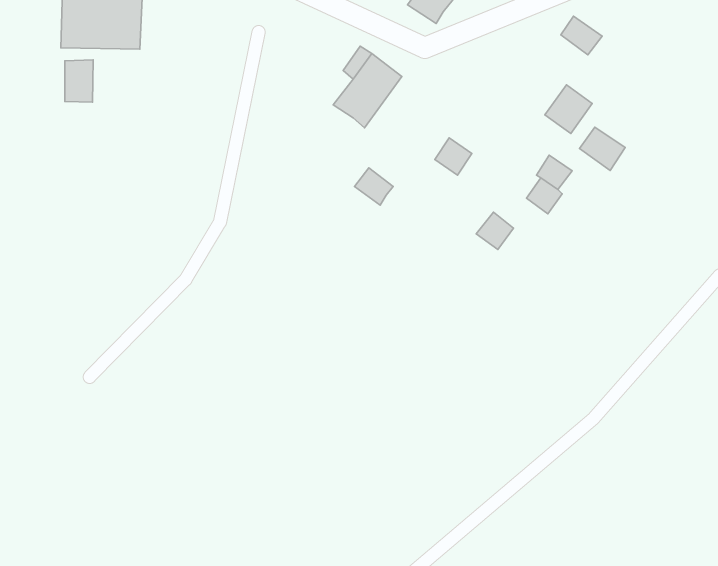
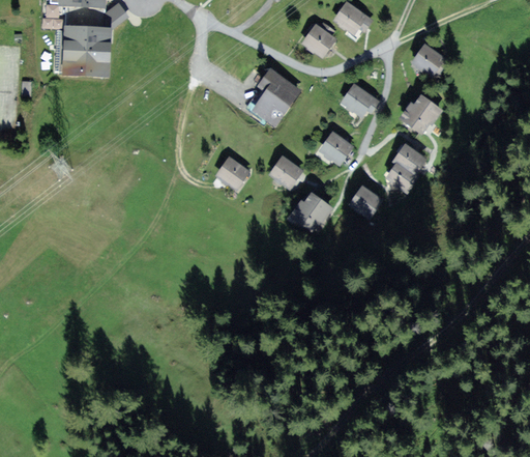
building: [65,60,93,102] -> none
building: none -> [346,84,376,116]
building: [579,127,625,171] -> none
building: none -> [216,153,251,187]
building: none -> [297,197,328,230]

